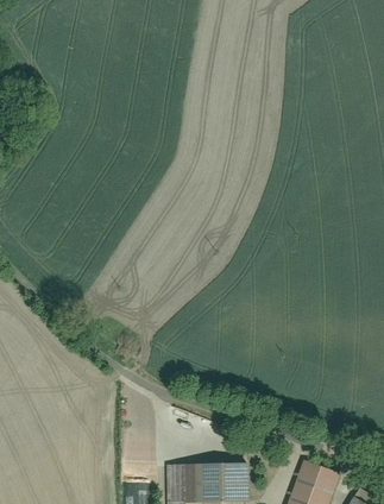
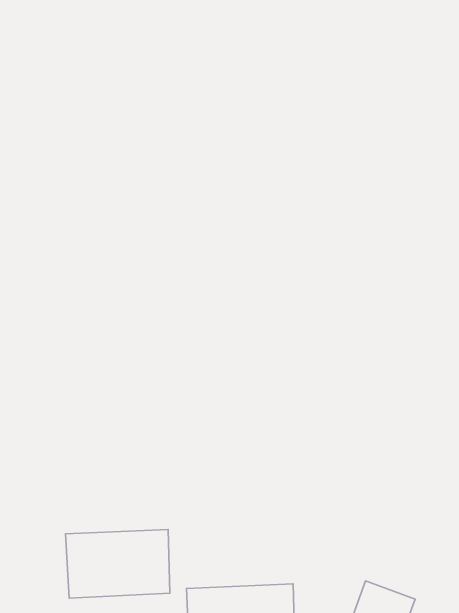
building: none -> [65,529,170,598]

